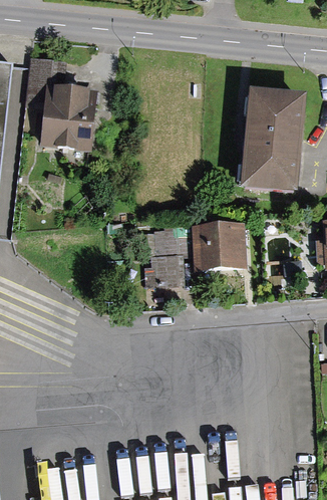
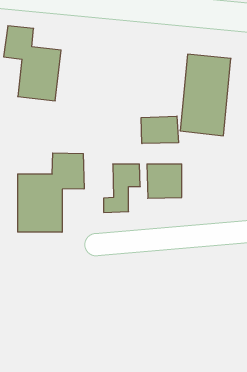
building: none -> [141,116,178,144]
building: none -> [18,153,84,232]

